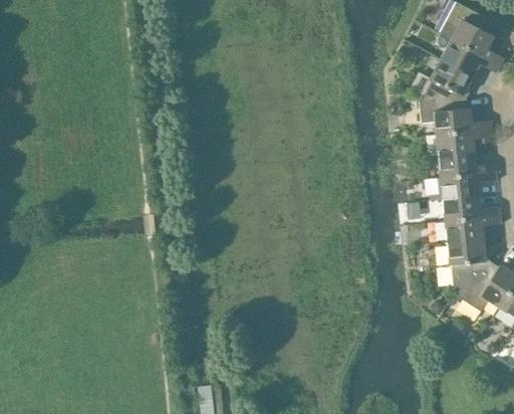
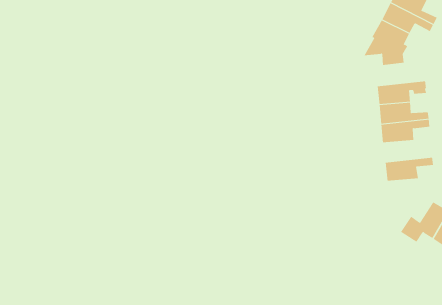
building: [419,98,491,135] -> none
building: [442,196,499,221] -> none
building: [447,239,498,299] -> none

